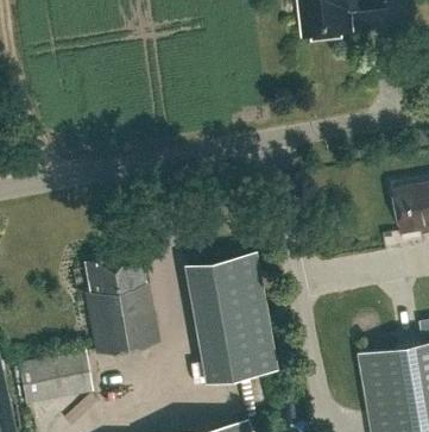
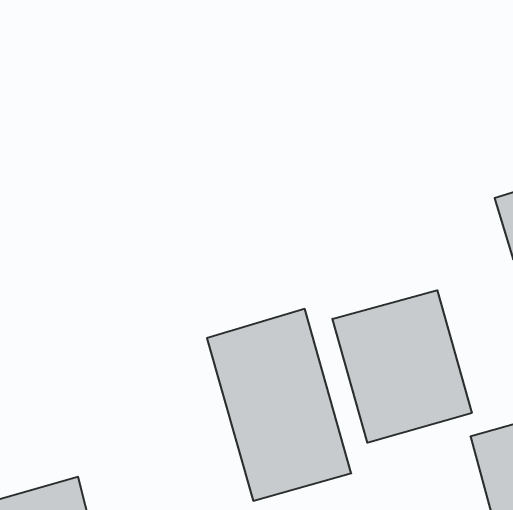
building: none -> [332,290,472,443]
building: [83,255,157,353] -> none

